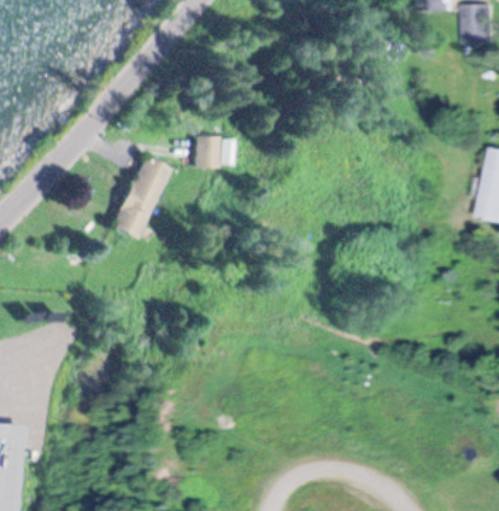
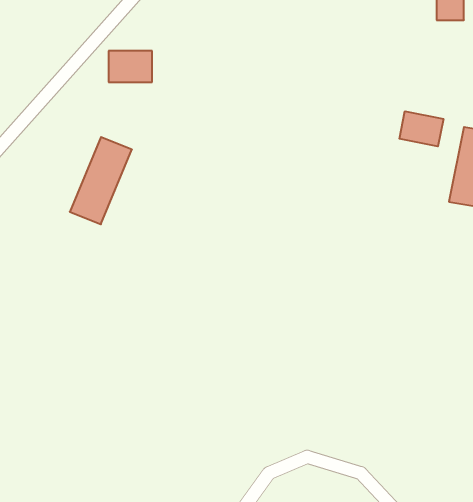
building: none -> [399,111,443,146]
building: [192,136,234,166] -> [109,51,152,82]

